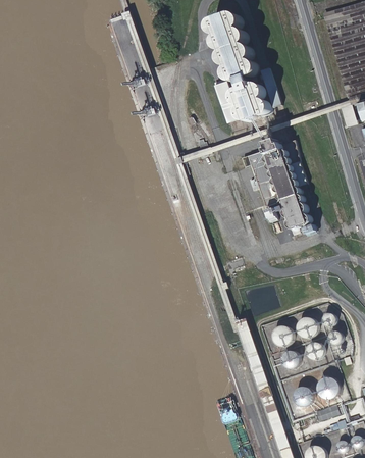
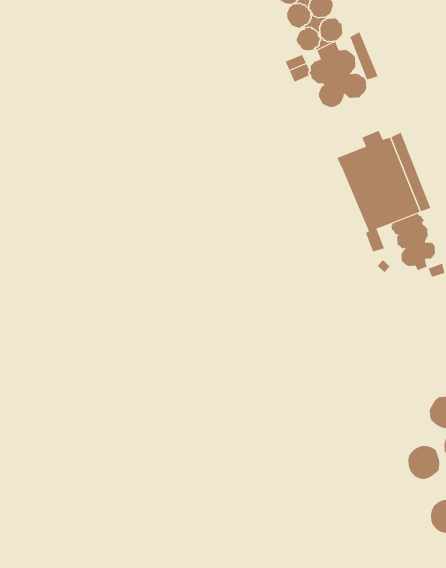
building: [272,324,295,347] -> none

